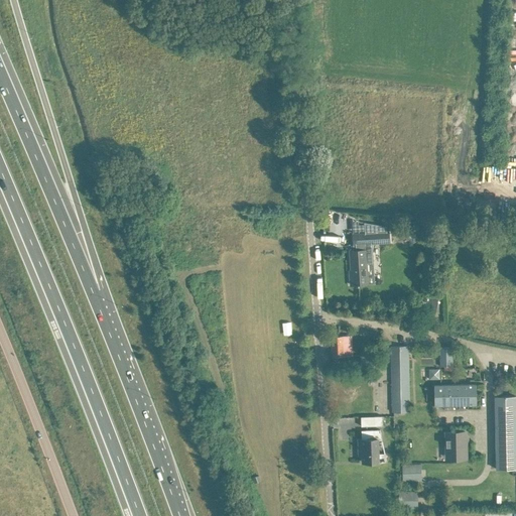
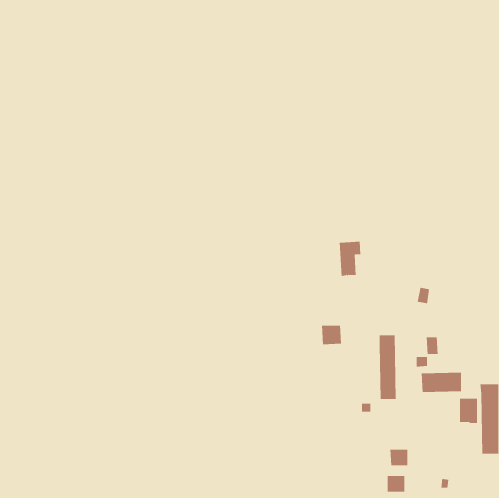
building: [353,223,389,251] -> none
building: [359,430,387,465] -> none
building: [446,432,466,459] -> [459,398,478,424]

